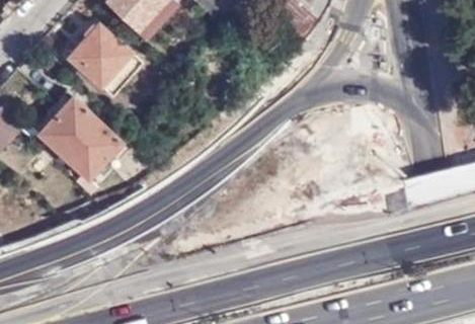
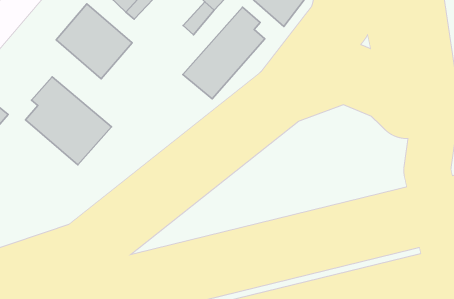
building: none -> [183,7,265,99]

